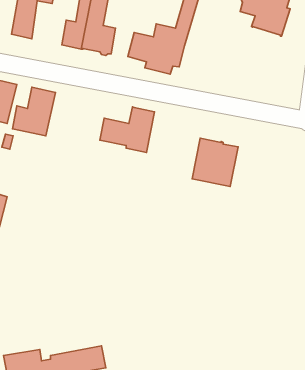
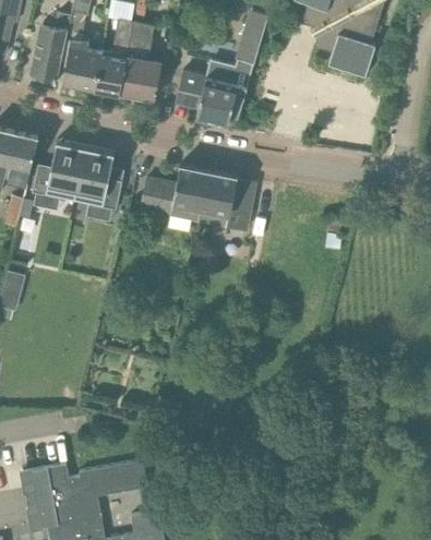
building: none -> [62,44,98,88]
building: none -> [73,147,121,211]
building: [192,138,238,187] -> [197,171,254,231]

